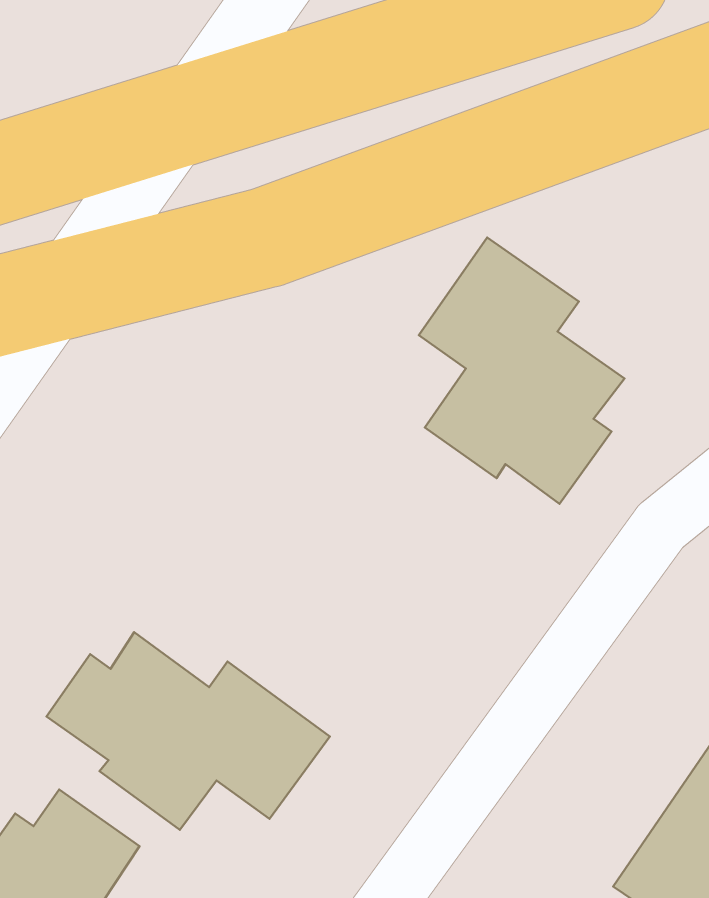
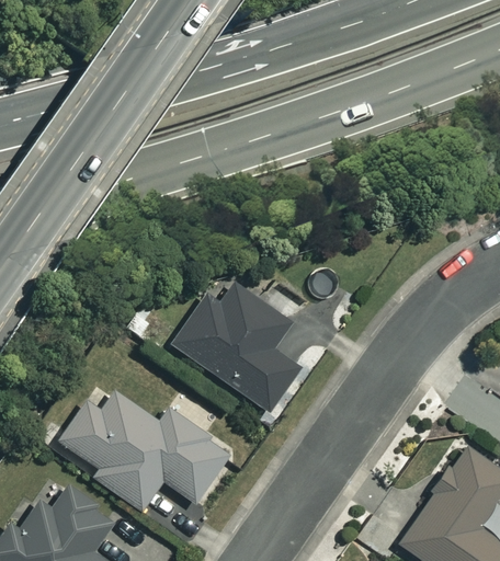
building: [419,238,624,504] -> none
building: none -> [175,278,302,413]

